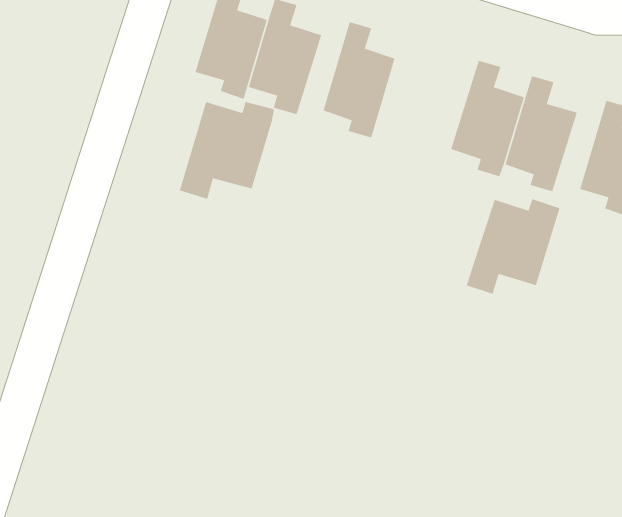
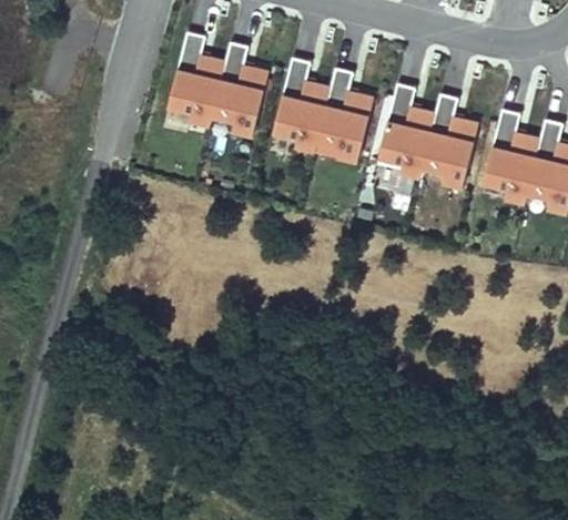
building: none -> [316,70,374,163]
building: [179,101,275,200] -> none
building: [466,198,561,295] -> none

